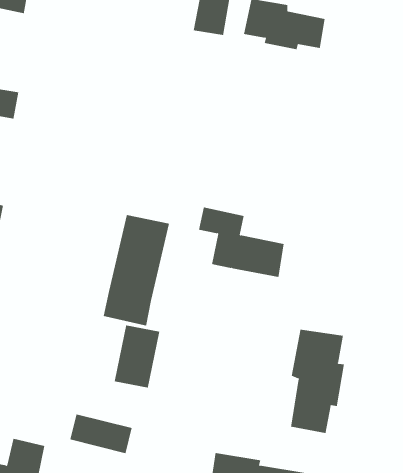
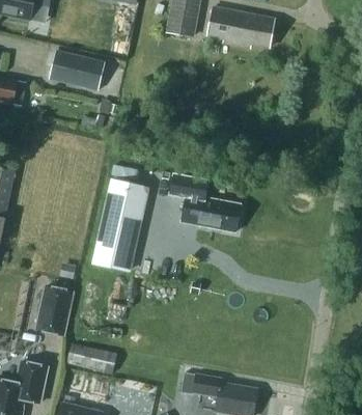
building: none -> [49,50,104,90]
building: [114,325,160,388] -> [35,284,73,335]
building: [291,329,345,434] -> none

